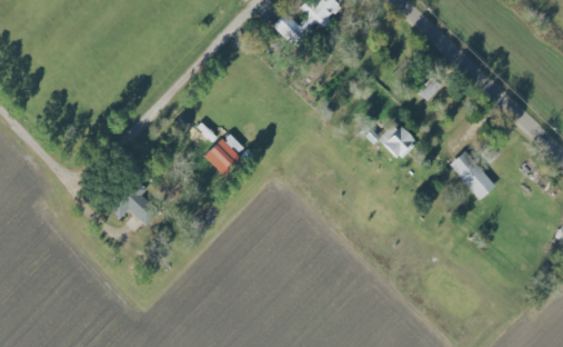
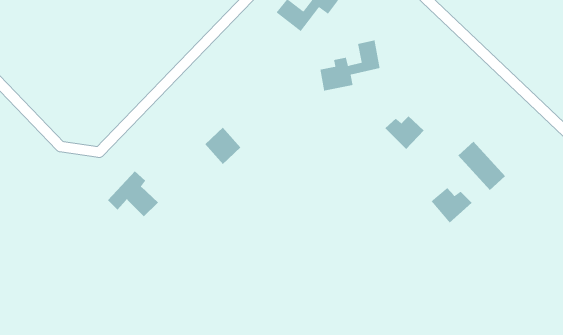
building: none -> [319,39,381,92]
building: none -> [430,187,472,224]

